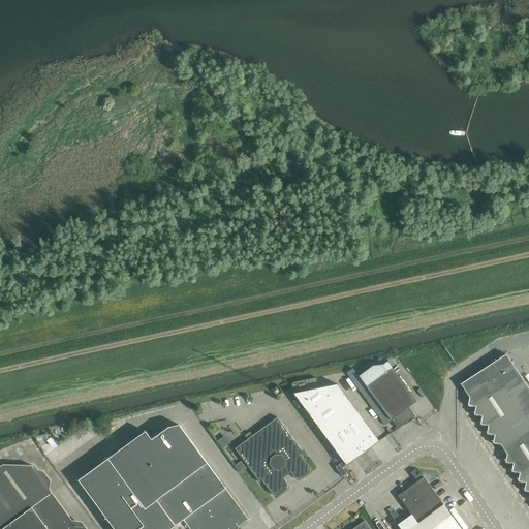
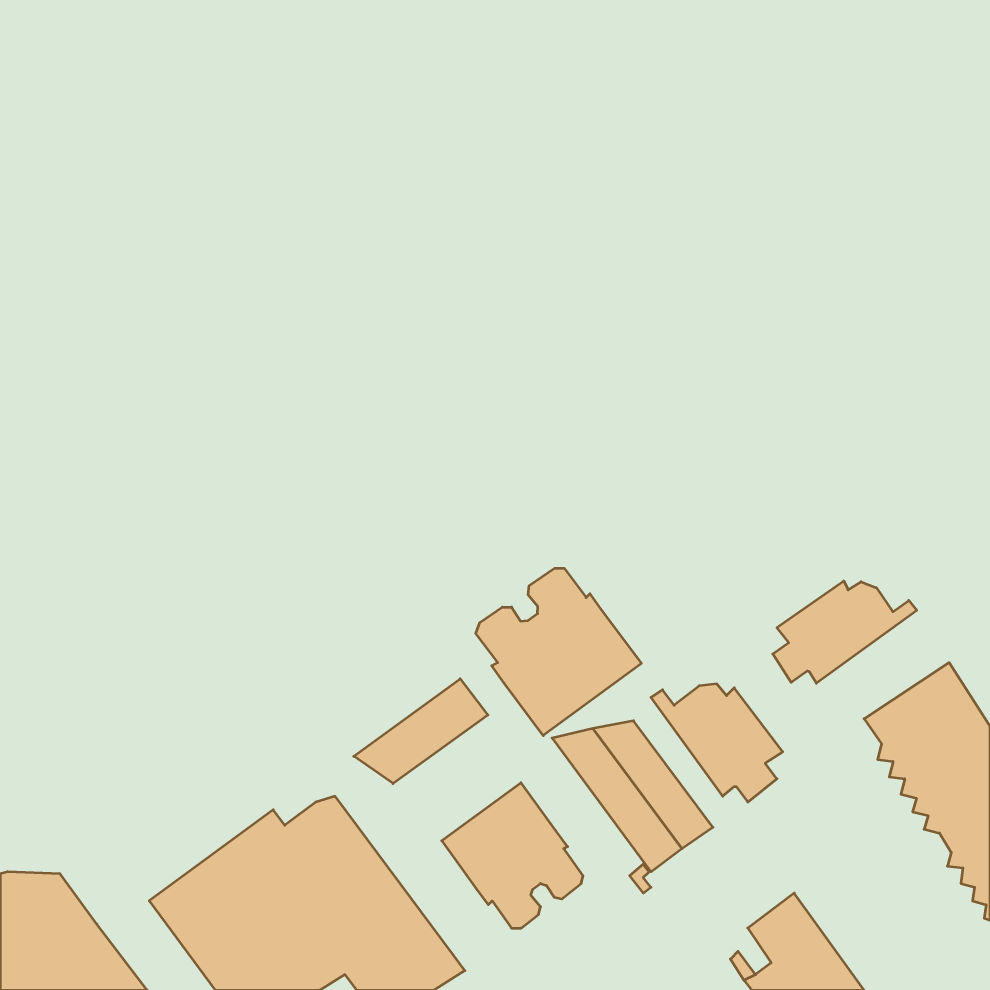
building: none -> [476,568,641,736]
building: none -> [773,581,917,683]
building: none -> [354,679,488,784]

